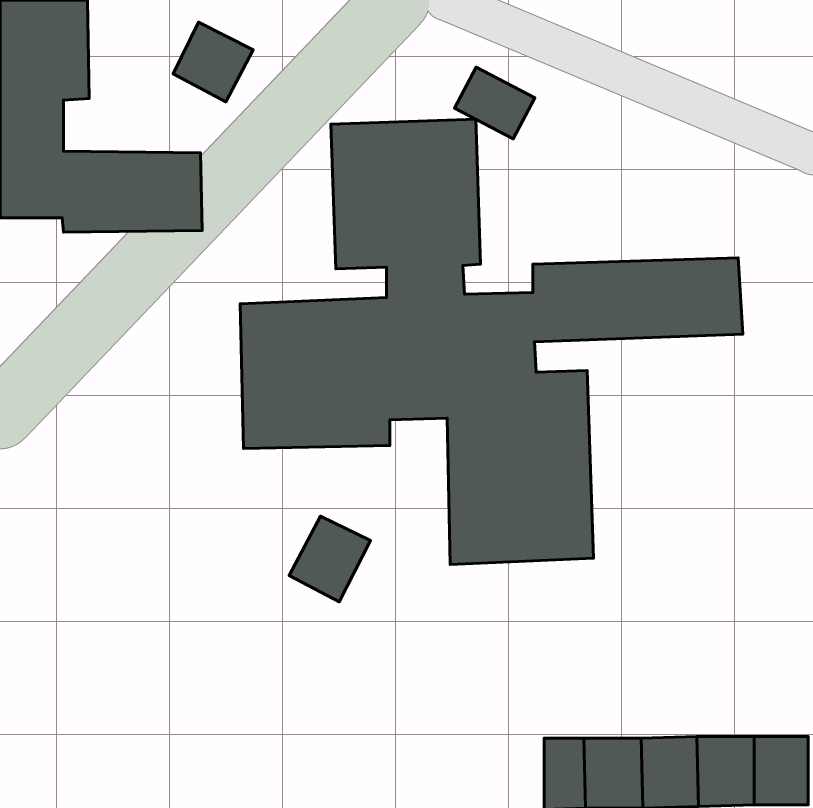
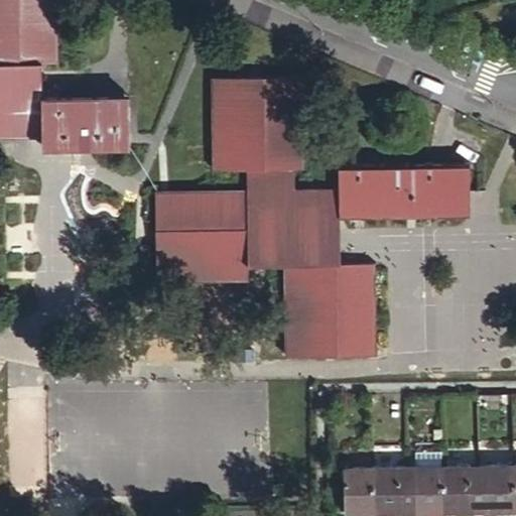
building: [173,22,253,102] -> none
building: [455,67,535,139] -> none
building: [289,516,370,602] -> none

